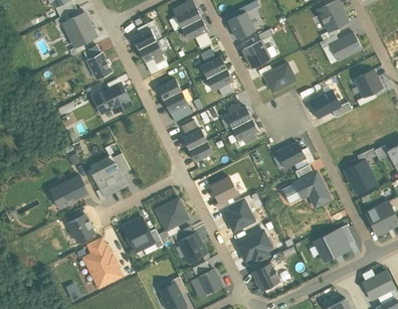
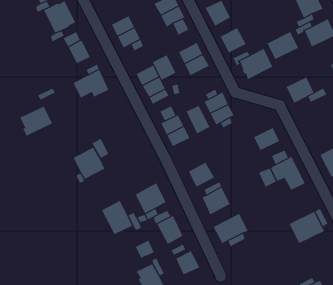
building: none -> [267,31,299,60]
building: none -> [152,54,176,81]
building: none -> [186,105,210,134]
building: [53,175,87,206] -> [19,106,53,136]
building: [67,214,93,242] -> none
building: [81,237,121,288] -> none
building: [252,263,278,290] -> none

